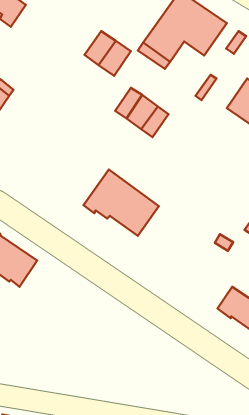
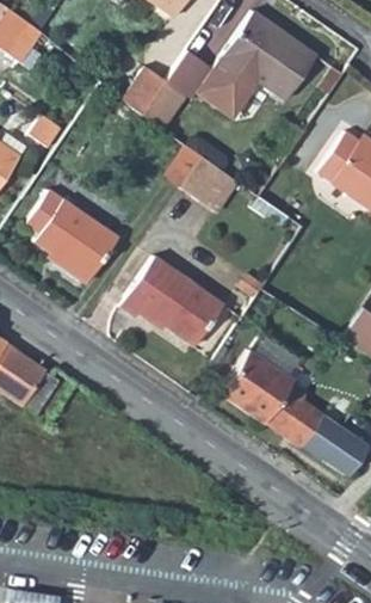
building: none -> [167,50,215,99]
building: none -> [29,190,120,282]
building: none -> [221,349,326,447]

